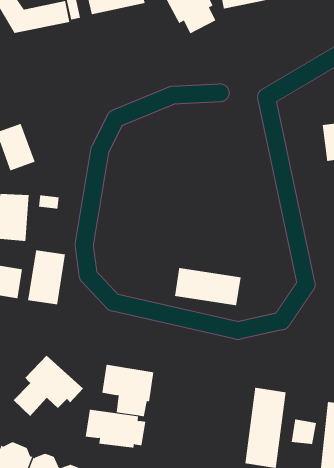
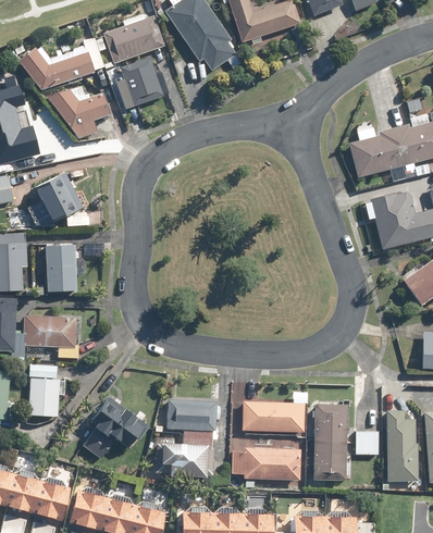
building: none -> [115,55,163,109]
building: none -> [45,89,110,137]
building: [27,249,66,305] -> none
building: [174,267,241,306] -> [242,401,305,432]
building: none -> [231,447,300,480]

